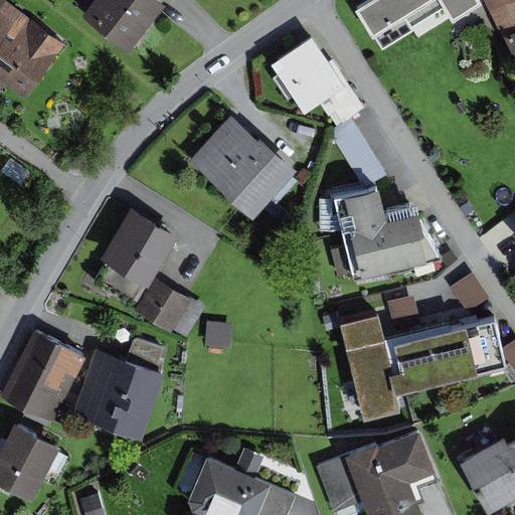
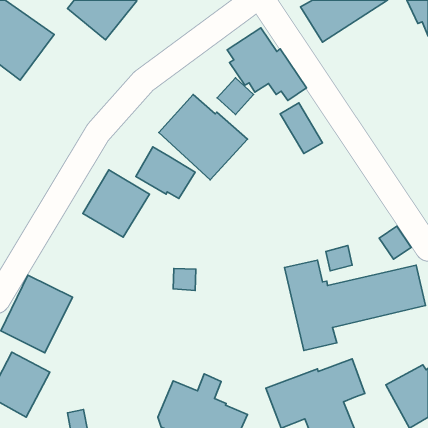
building: none -> [217,78,253,114]
building: [316,187,427,278] -> none
building: [136,278,206,339] -> [136,147,195,198]
building: [73,340,164,441] -> none

